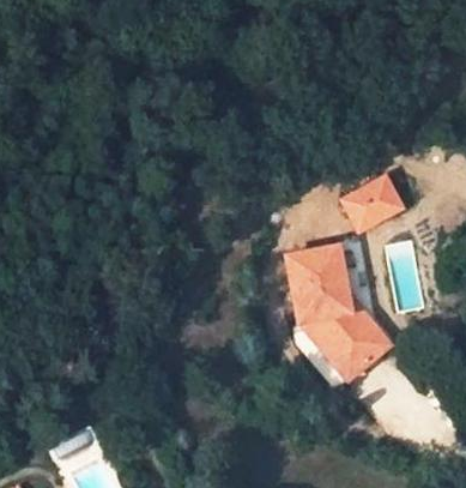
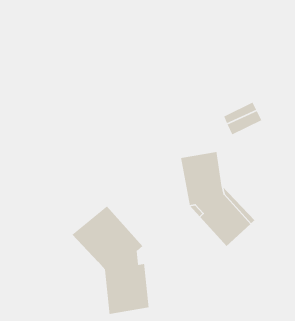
building: none -> [71,206,150,315]

